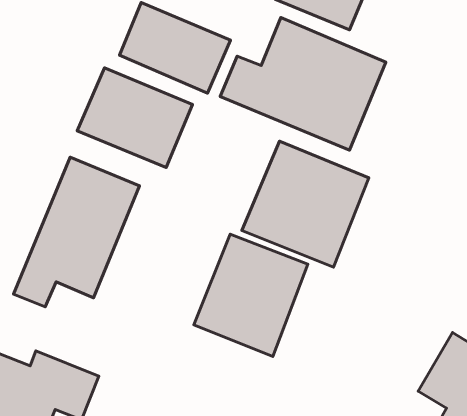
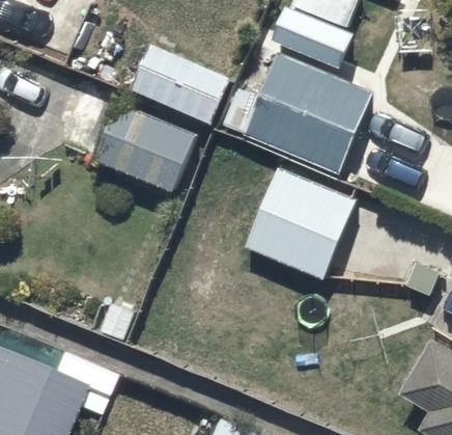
building: [13,157,139,307] -> none
building: [194,234,308,356] -> none

